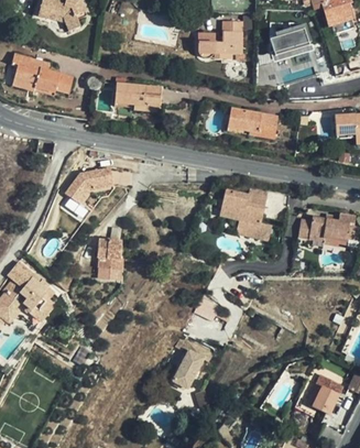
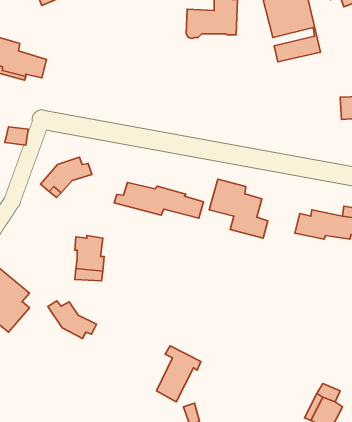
building: [116,81,161,111] -> none
building: [228,107,276,134] -> none
building: none -> [114,183,204,218]
building: none -> [48,301,96,339]

